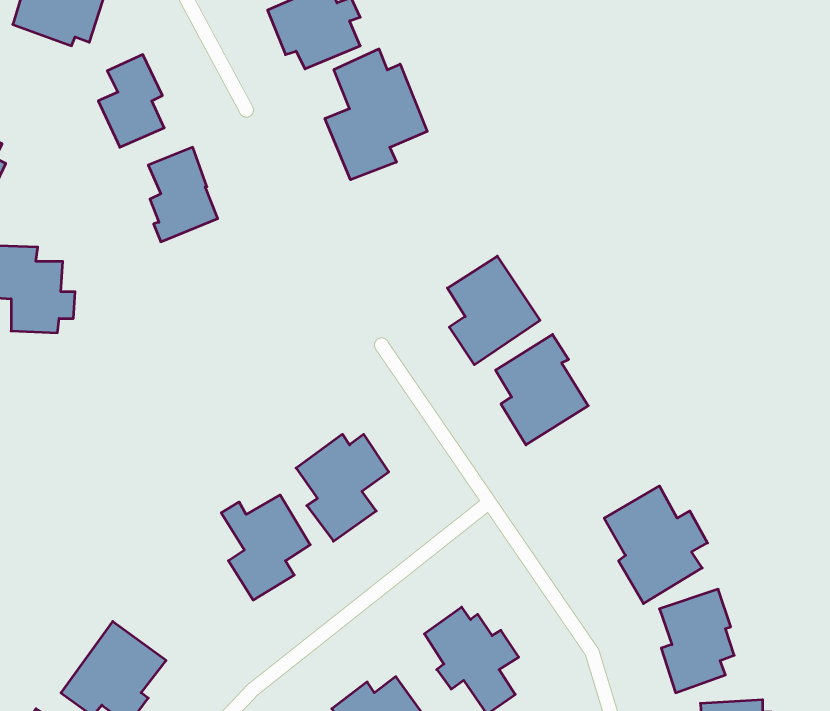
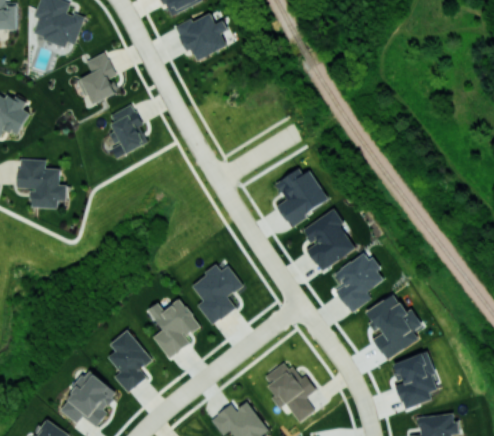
building: [325,49,427,180] -> none
building: none -> [334,253,384,313]
building: none -> [108,329,152,393]

